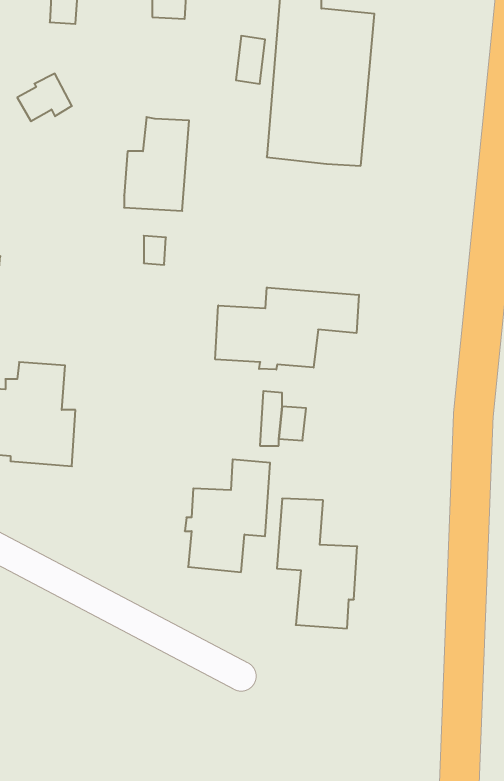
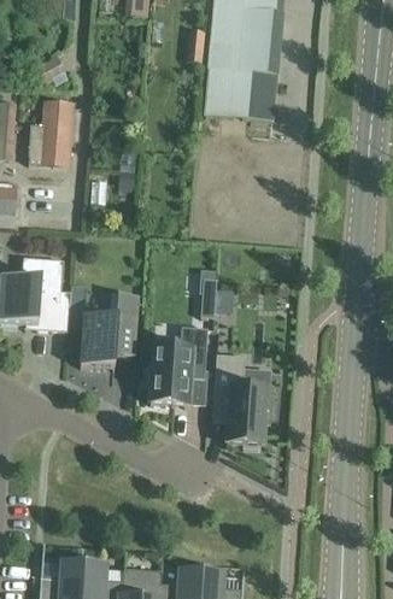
building: [124,117,189,211] -> [28,100,74,166]
building: [215,287,359,370] -> none
building: none -> [80,294,139,368]

